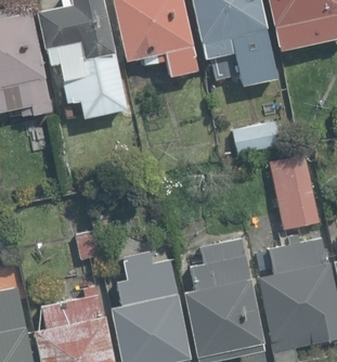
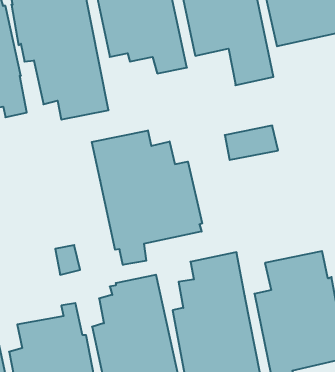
building: none -> [92,130,202,265]
building: [270,155,319,230] -> none

